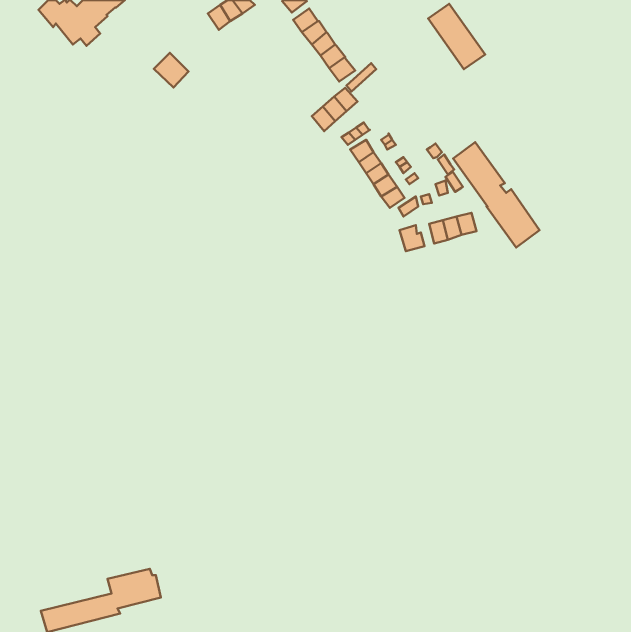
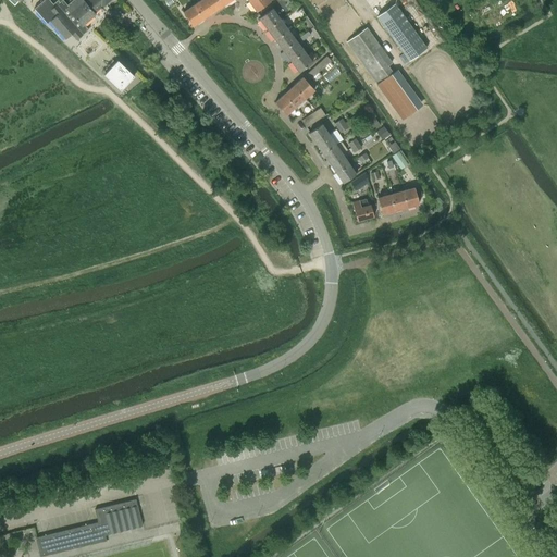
building: [154,53,188,87] -> [104,60,135,90]
building: [453,142,540,247] -> [347,27,423,120]

